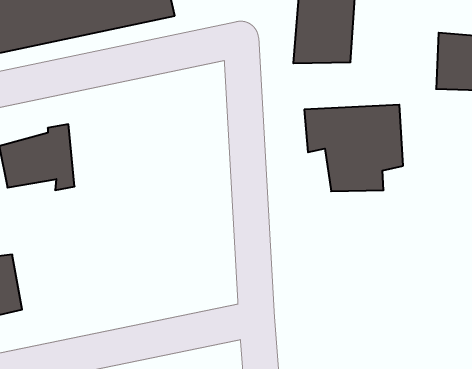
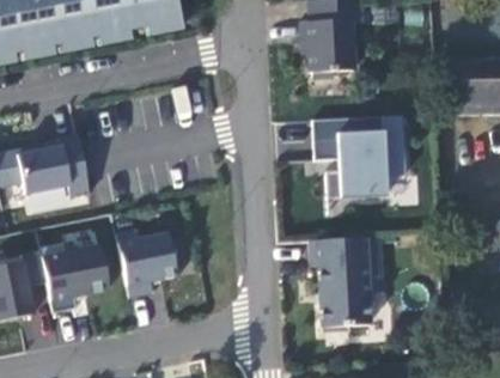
building: none -> [115,232,181,299]
building: none -> [310,237,385,329]
building: none -> [38,244,112,311]

